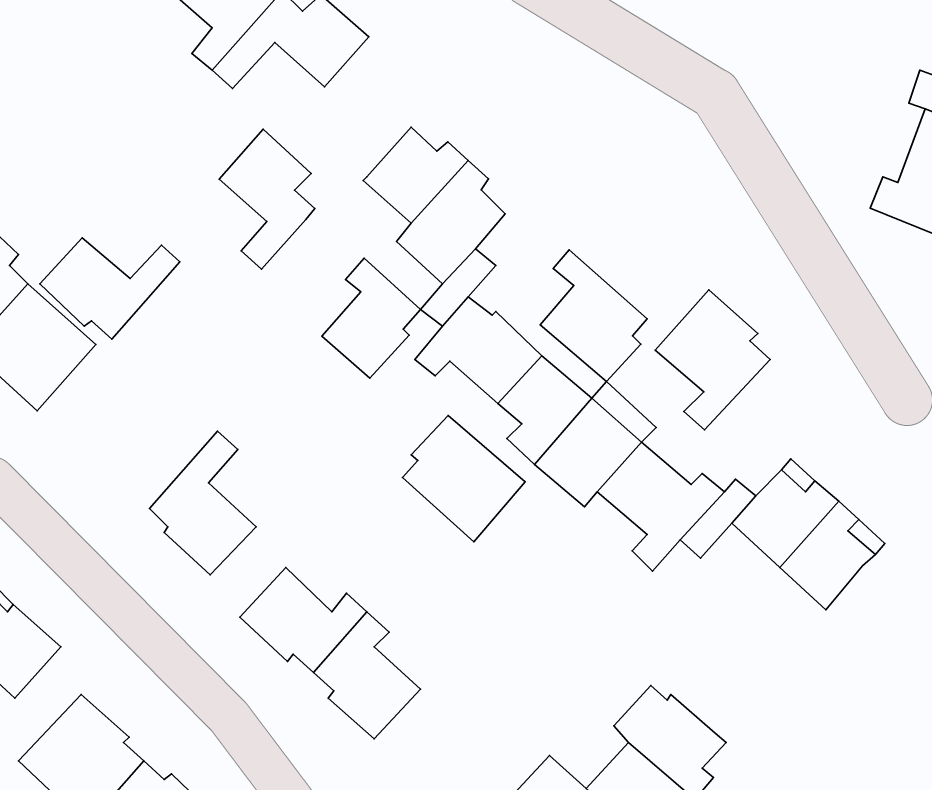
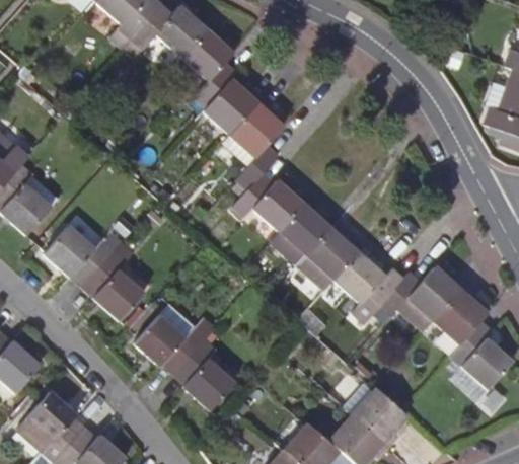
building: [219,129,315,269] -> [183,28,236,105]
building: [40,238,180,339] -> [48,232,125,288]
building: [540,250,647,381] -> none
building: [322,258,420,378] -> none
building: [655,290,770,430] -> none
building: [402,416,525,542] -> none
building: none -> [448,319,512,400]

